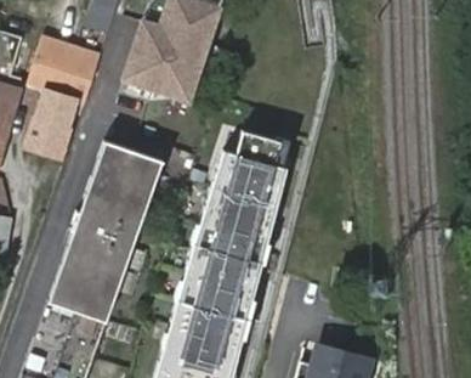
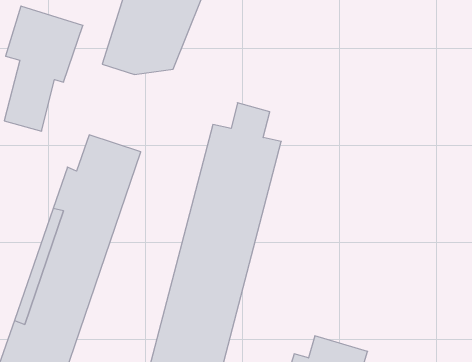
building: [86,139,161,193] -> none

